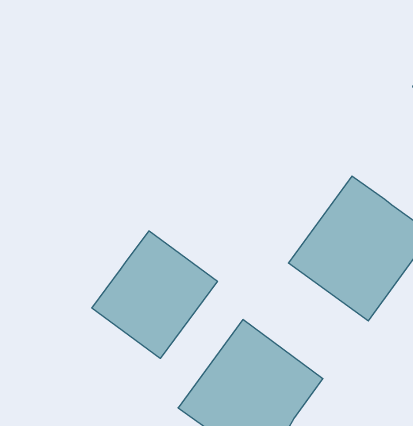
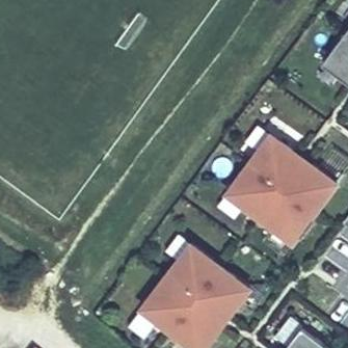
building: [92,231,217,358] -> none

